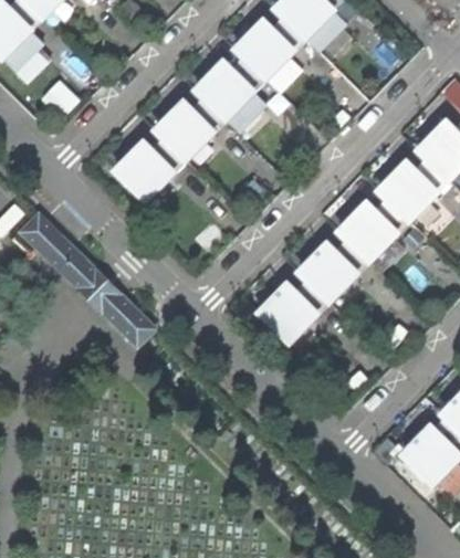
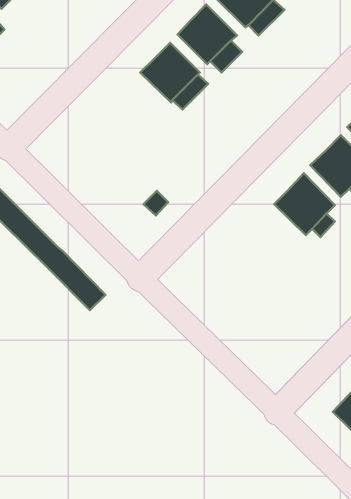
building: [149,98,215,162] -> none
building: [109,139,177,206] -> none
building: [294,240,358,305] -> none
building: [254,281,321,346] -> none

